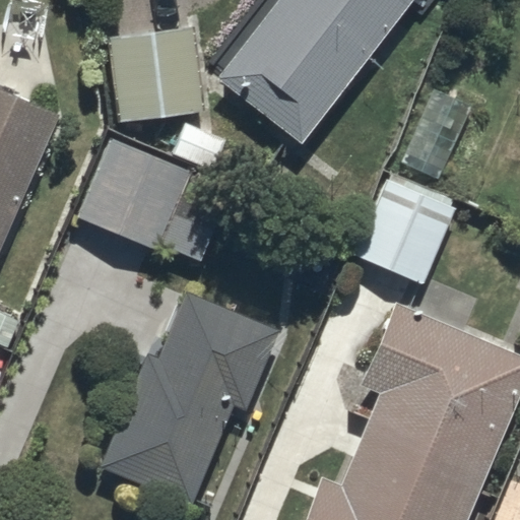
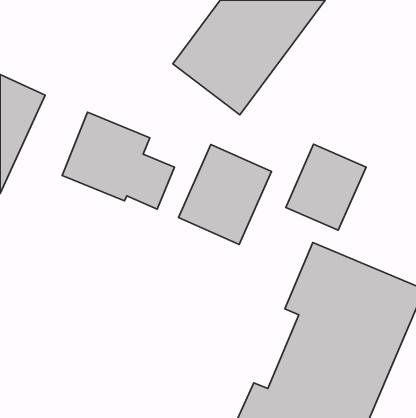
building: [112,29,204,119] -> none
building: none -> [179,144,272,245]
building: [104,289,280,501] -> none

